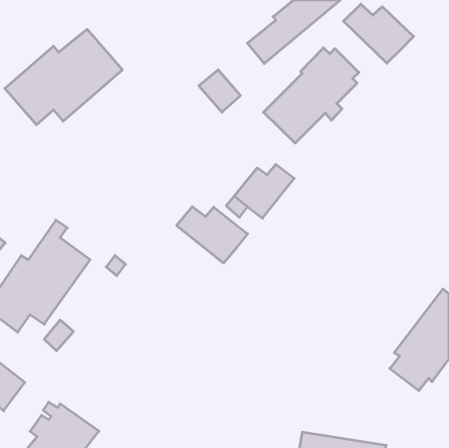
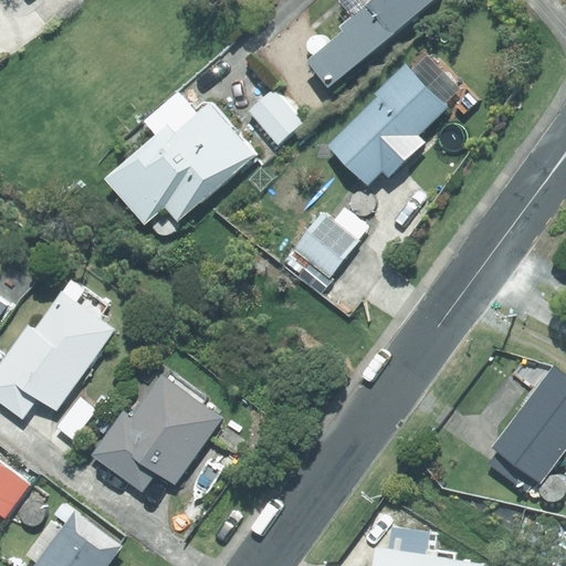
building: [343,4,414,63] -> none
building: [5,29,122,125] -> [107,103,254,222]
building: [177,207,248,263] -> none
building: none -> [91,376,220,492]

